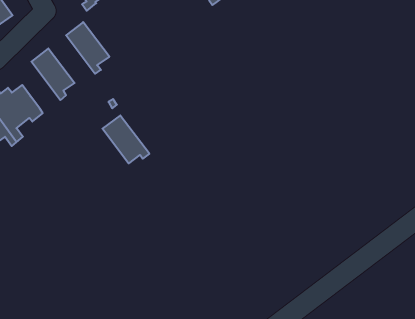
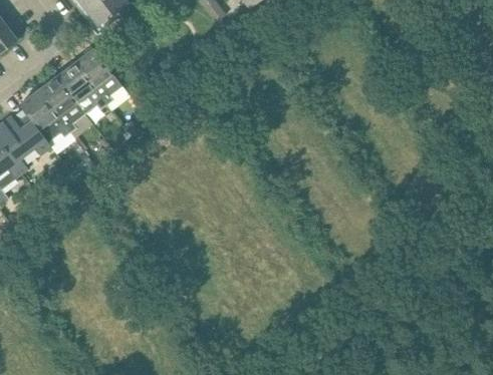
building: none -> [19,88,68,138]
building: [102,115,149,163] -> [55,60,105,111]

